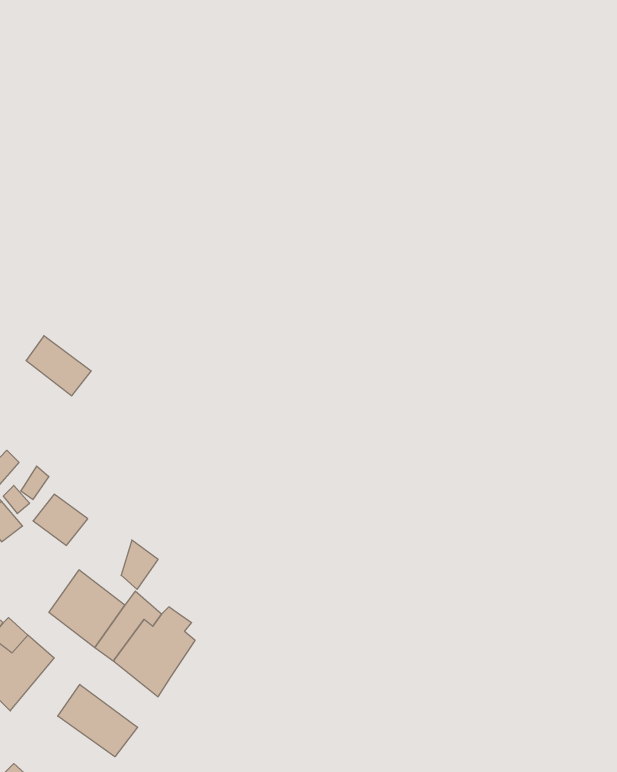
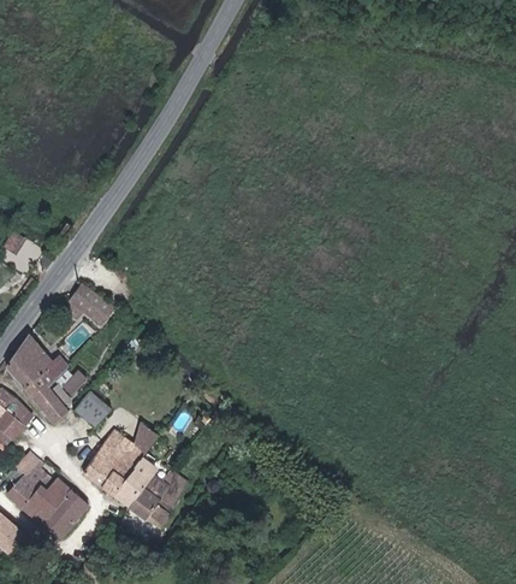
building: none -> [105,429,144,467]
building: [58,684,138,757] -> none

